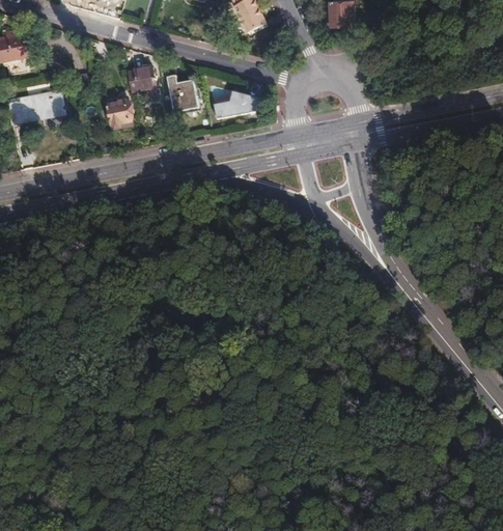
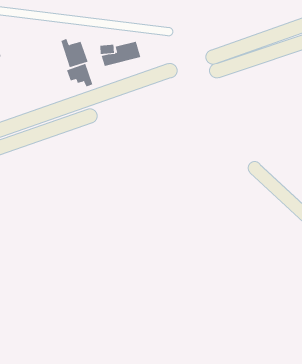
building: [125,66,157,96] -> [66,63,93,87]
building: [107,99,130,129] -> none

